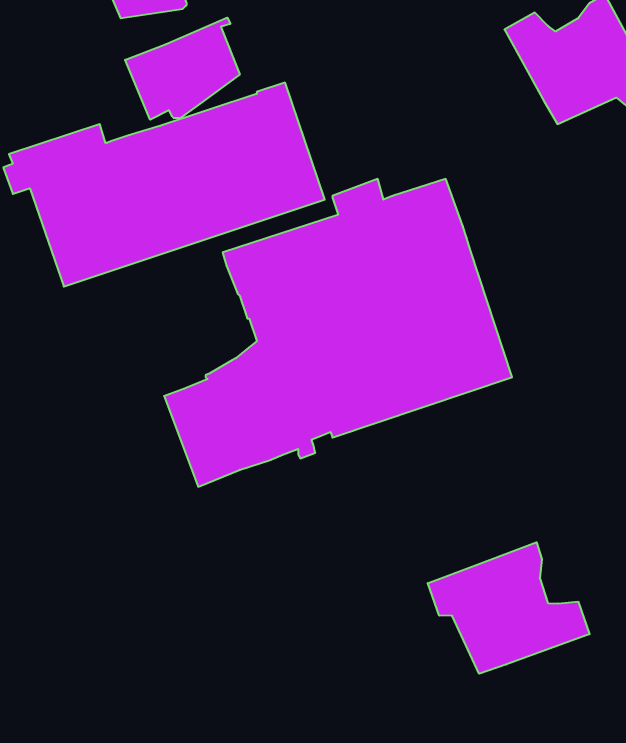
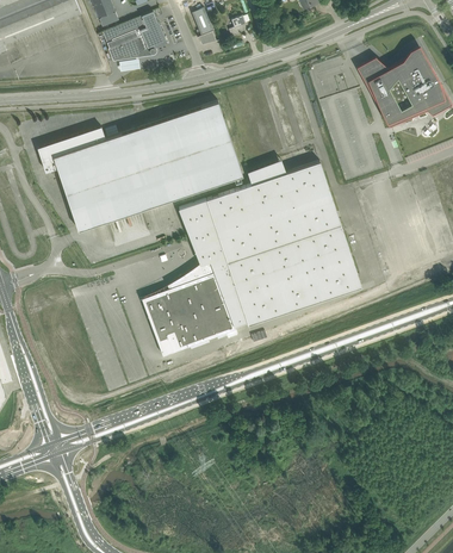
building: [125,18,240,120] -> none
building: [428,542,590,674] -> none

